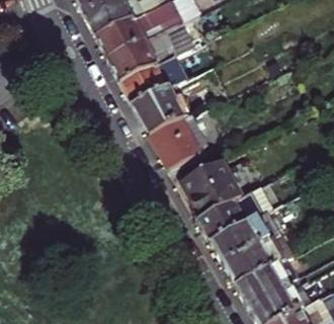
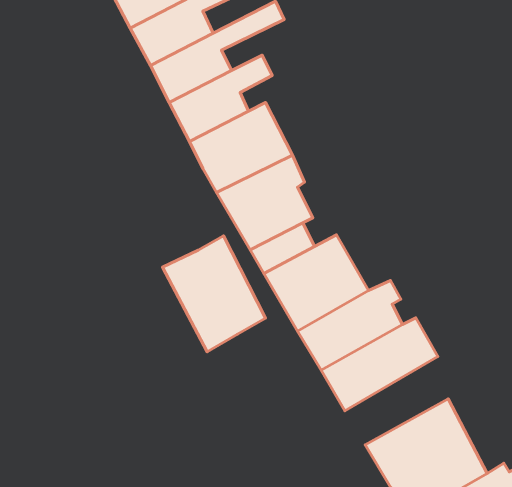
building: none -> [162,236,266,352]
building: [227,235,296,288] -> none

